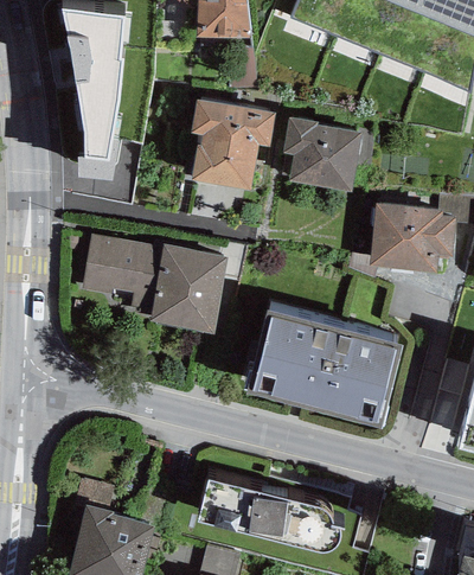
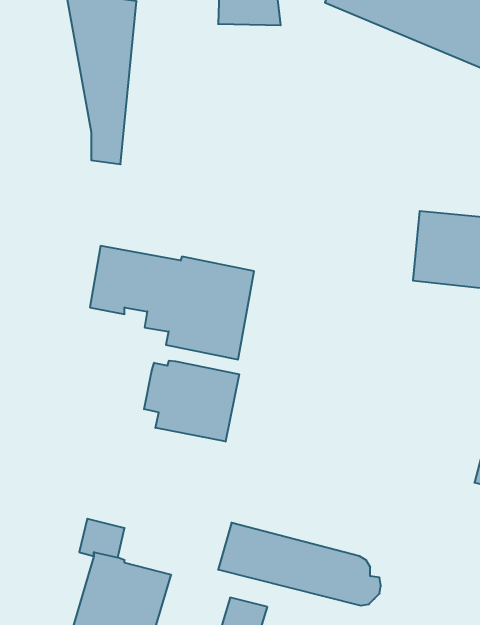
building: [191,97,276,189] -> none
building: [283,114,364,191] -> none
building: [245,309,403,427] -> none
building: none -> [144,361,239,442]

